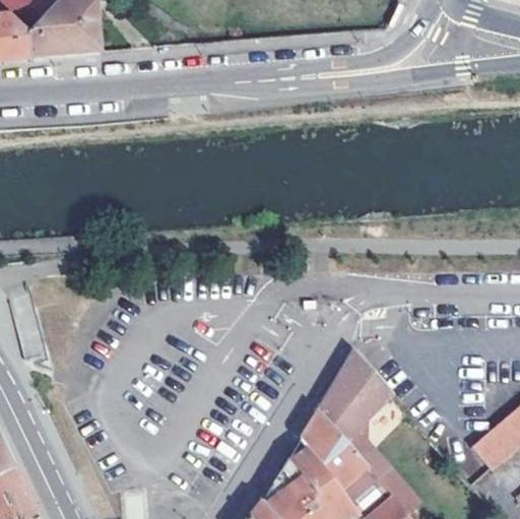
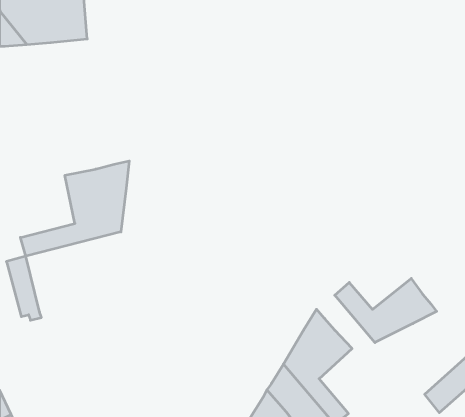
building: none -> [20,161,129,256]
building: none -> [335,278,437,343]

